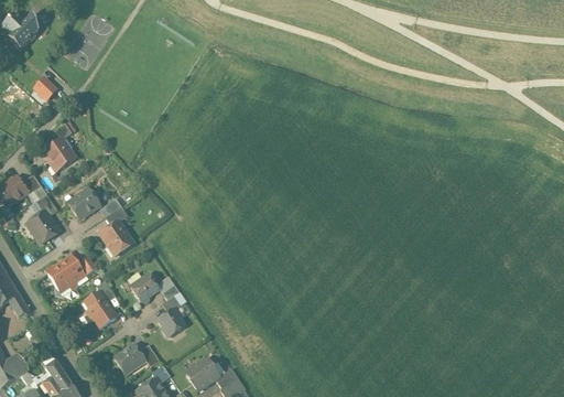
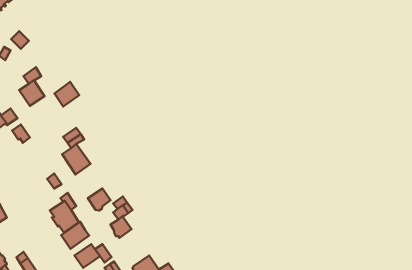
building: [68,187,99,218] -> [54,82,79,107]
building: [26,211,58,243] -> none
building: [45,253,86,292] -> none
building: none -> [61,222,89,249]

